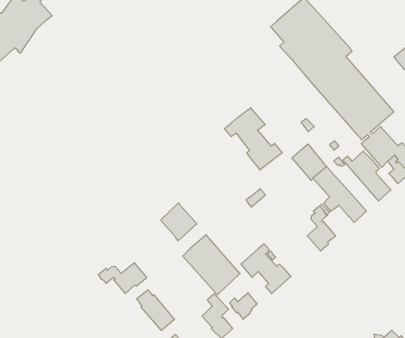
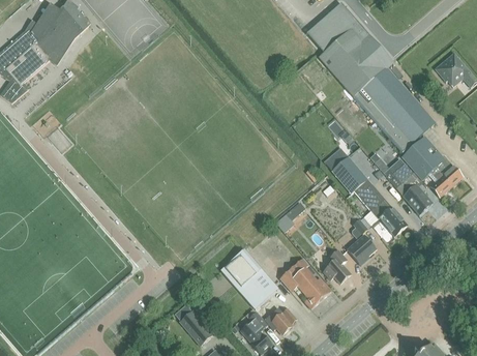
building: [225,108,282,170] -> none
building: [161,203,197,241] -> none
building: none -> [322,249,351,284]
building: [98,263,147,294] -> none

